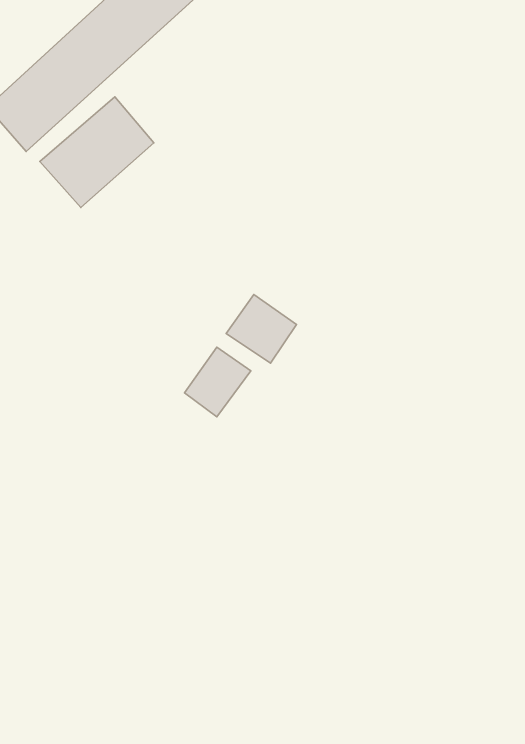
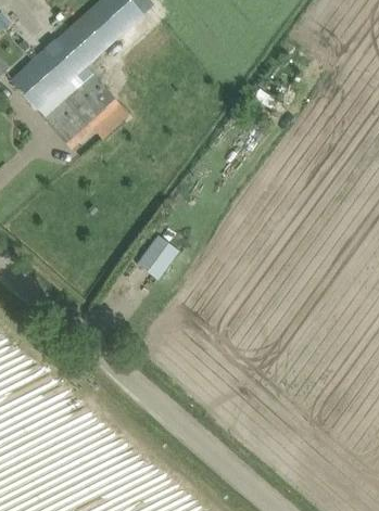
building: [226,294,297,363] -> none

